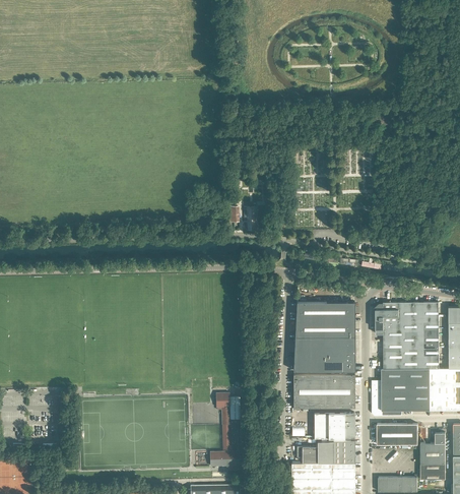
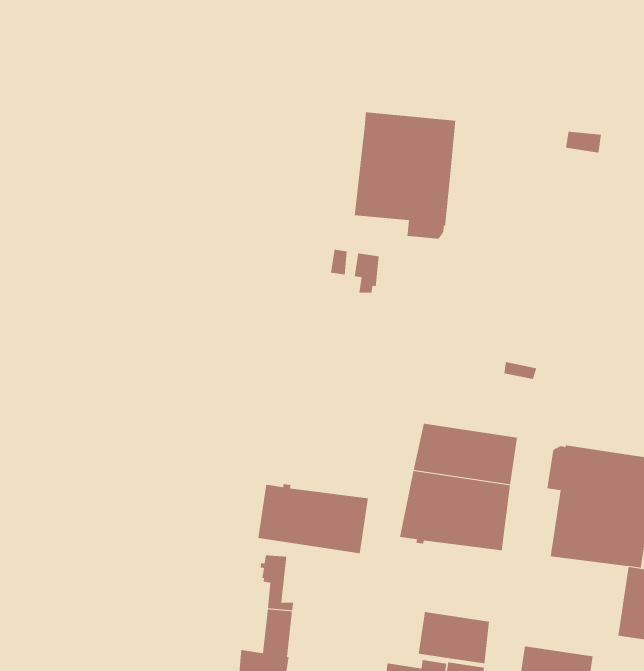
building: none -> [354,112,456,239]
building: [372,368,431,416] -> none
building: [293,373,355,408] -> [257,483,369,554]

